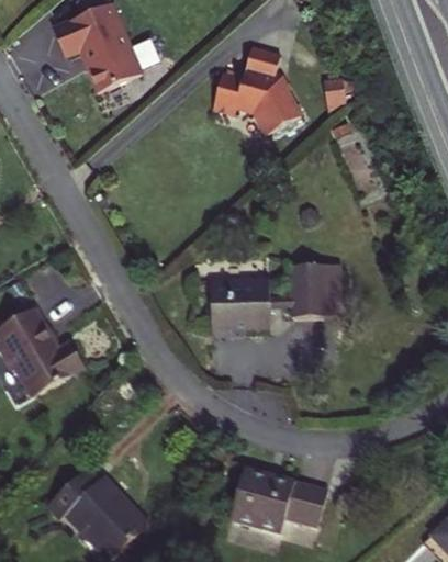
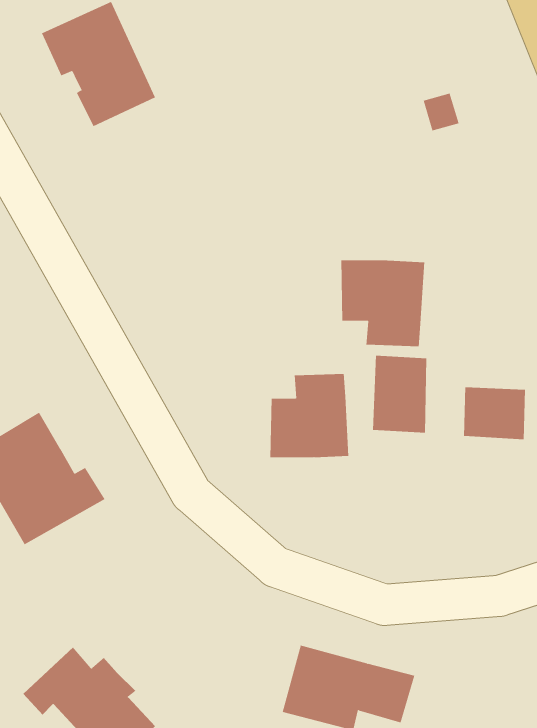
building: [198,47,292,133] -> none
building: none -> [341,259,425,347]
building: none -> [464,387,526,440]

